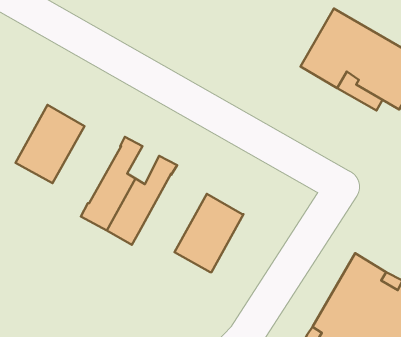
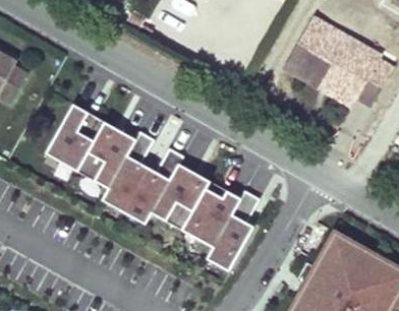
building: none -> [74,120,133,186]
building: none -> [149,161,207,228]
building: none -> [204,188,256,268]

